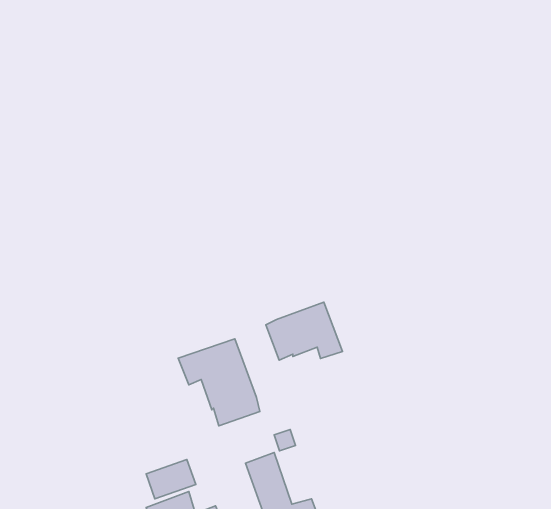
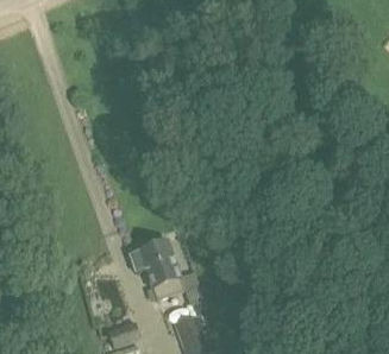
building: [266,302,343,360] -> none

